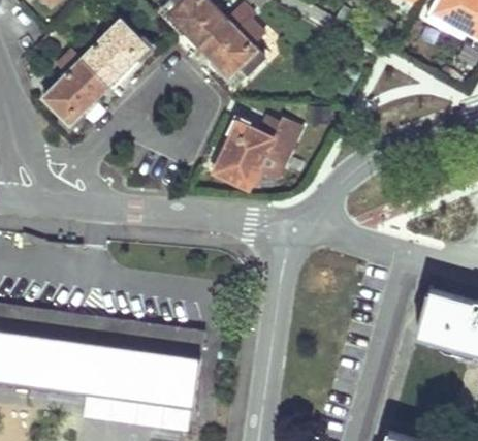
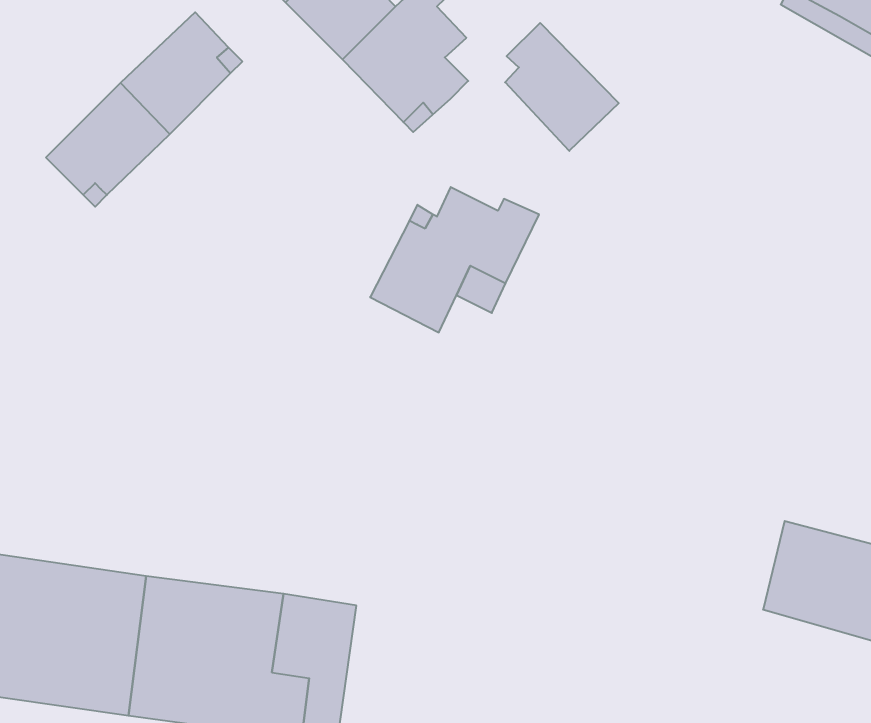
building: none -> [505,23,619,151]

